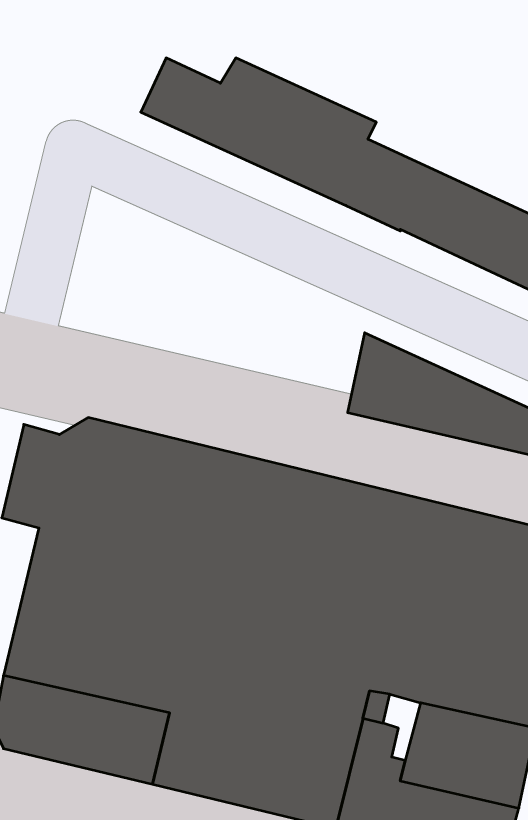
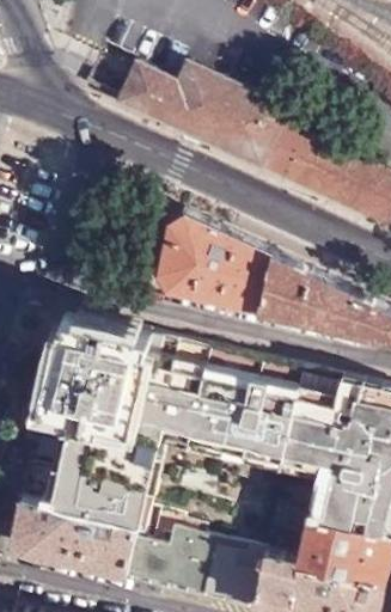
building: none -> [160,220,274,316]

